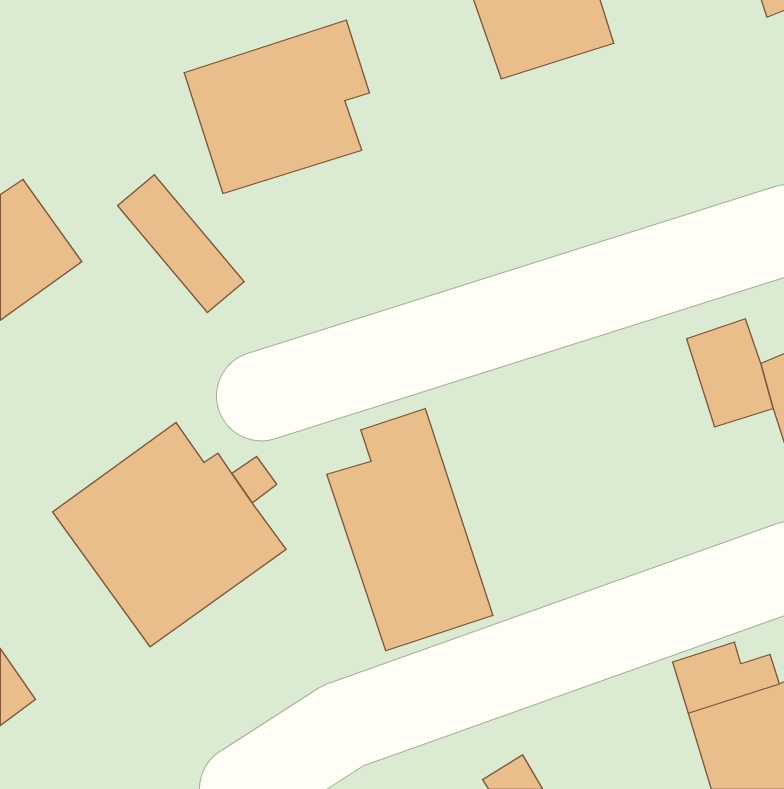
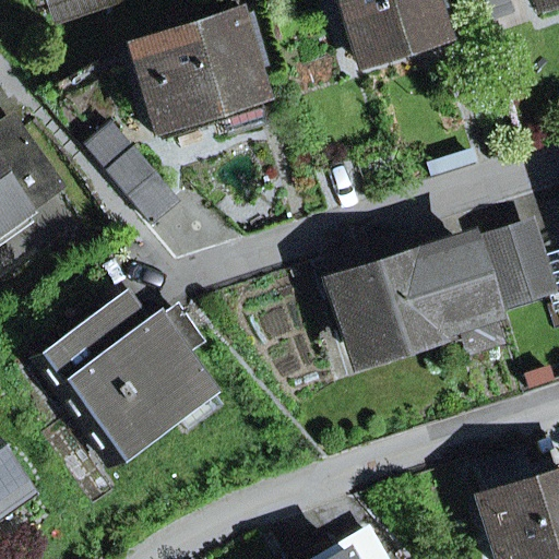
building: none -> [328,247,501,353]
building: [327,408,493,651] -> none

